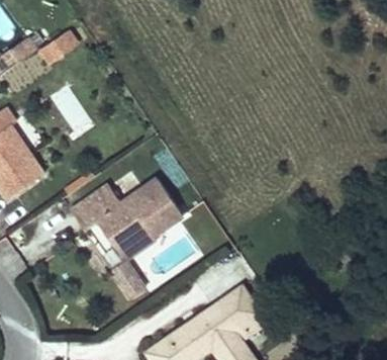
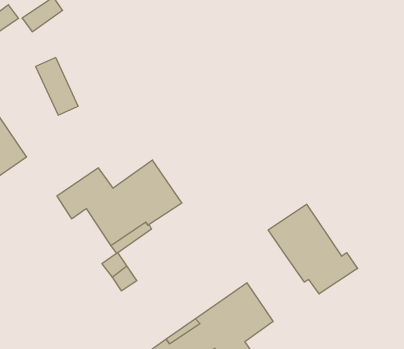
building: none -> [268,204,358,294]

